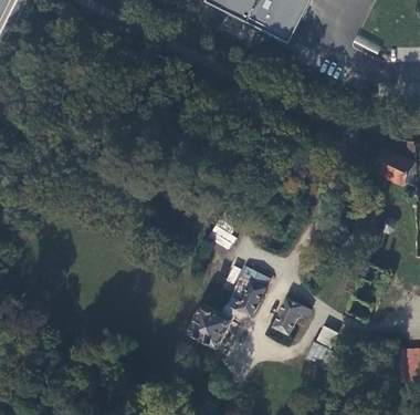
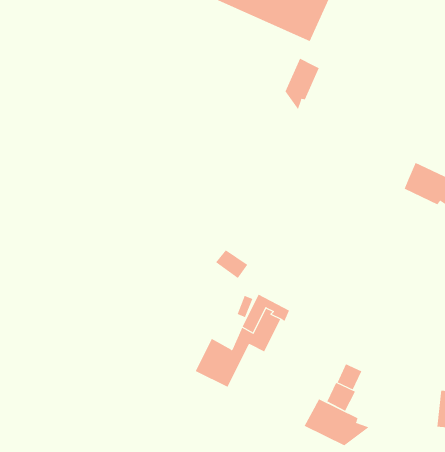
building: none -> [285,58,319,110]
building: [272,295,311,332] -> none
building: none -> [304,399,370,446]

